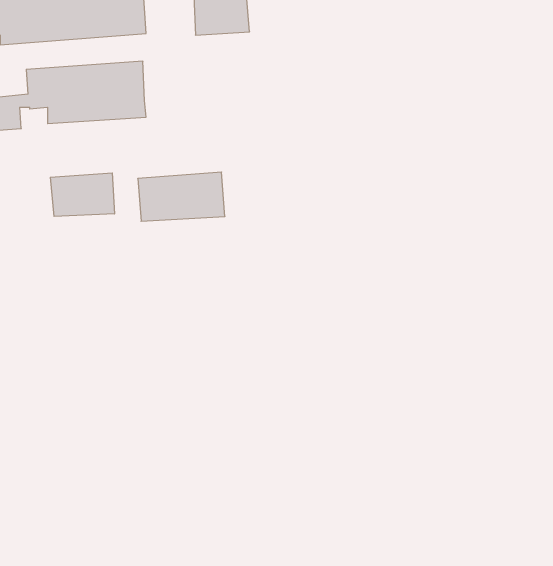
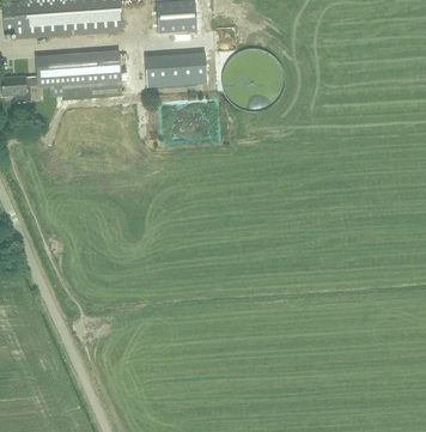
building: [138,172,225,221] -> [144,49,207,85]
building: [50,173,114,216] -> none

